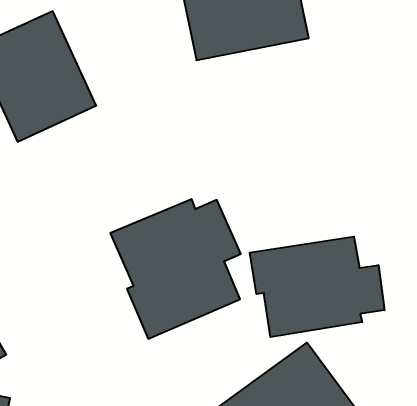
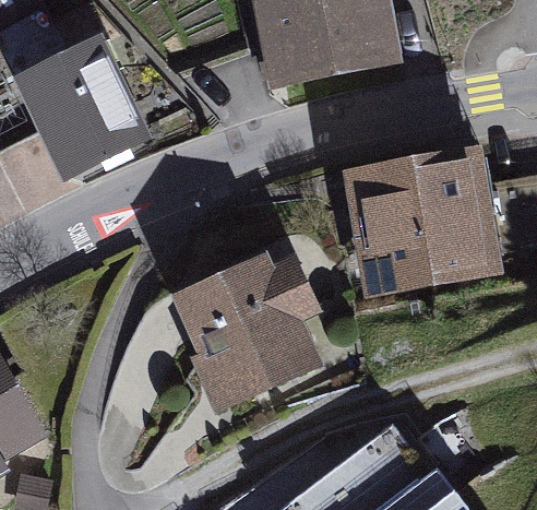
building: none -> [344,140,501,294]
building: [250,237,384,337] -> none

